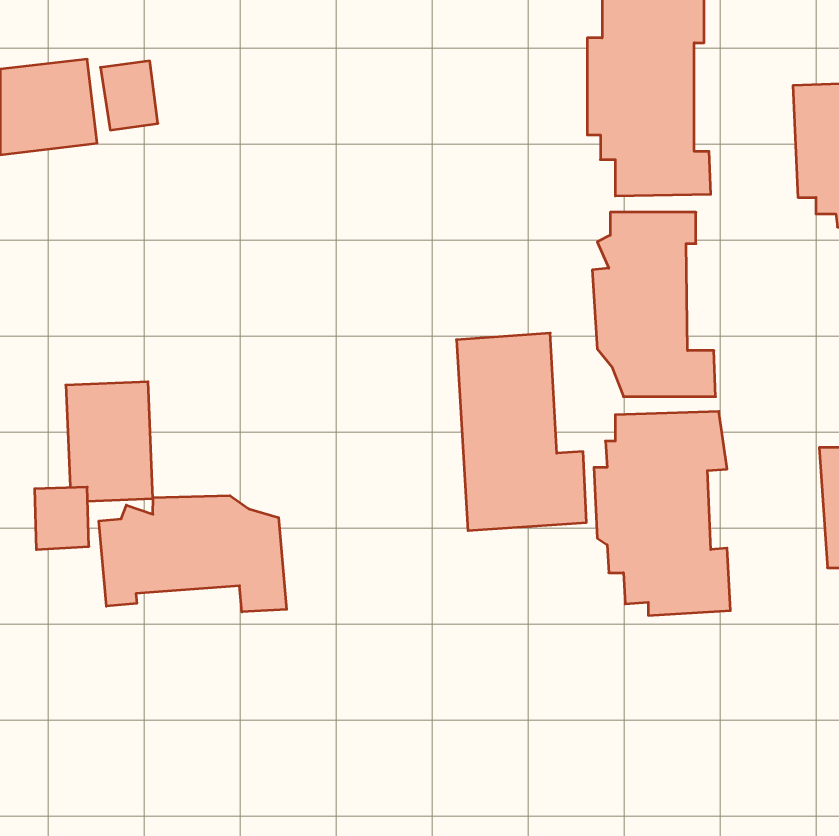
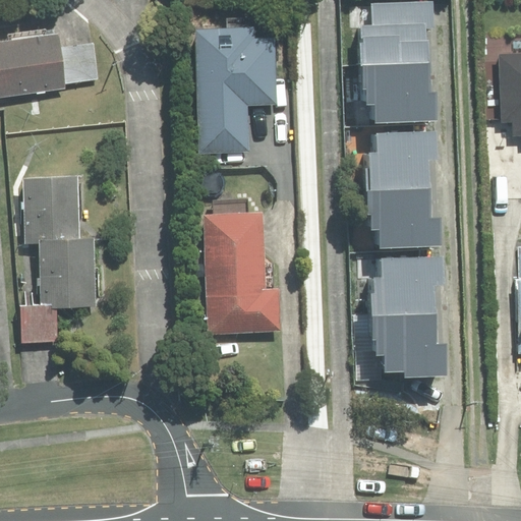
building: none -> [182,26,271,160]
building: none -> [24,176,82,238]
building: [456,333,586,531] -> [195,215,276,337]
building: [99,496,287,612] -> none

